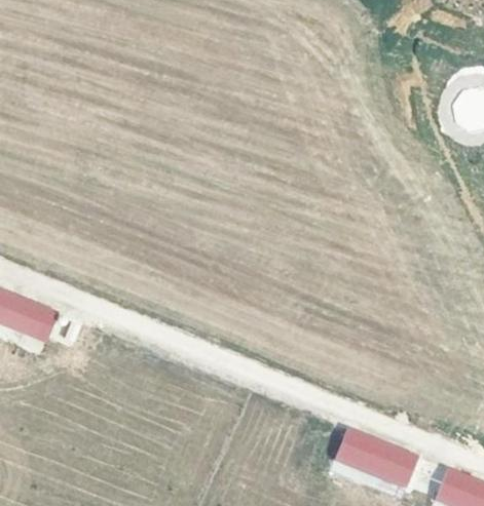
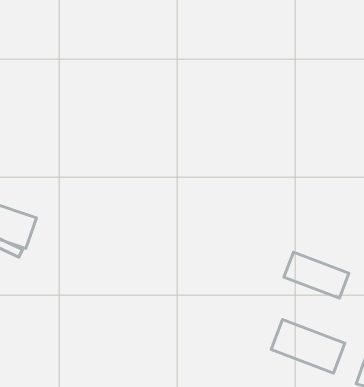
building: none -> [284,252,349,298]

